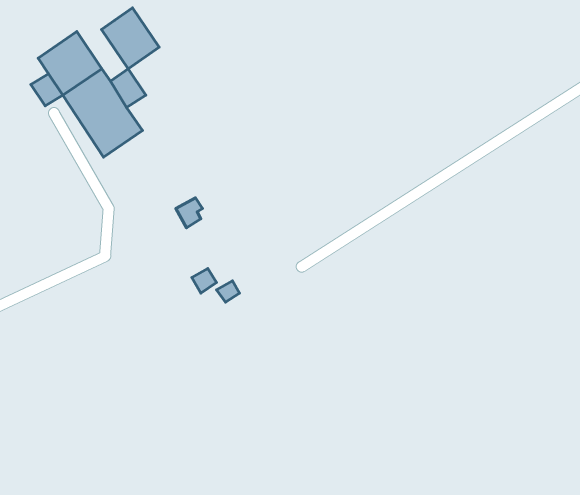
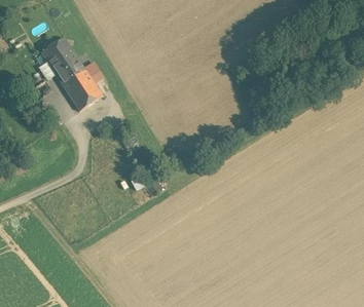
building: [102,8,159,69] -> none

